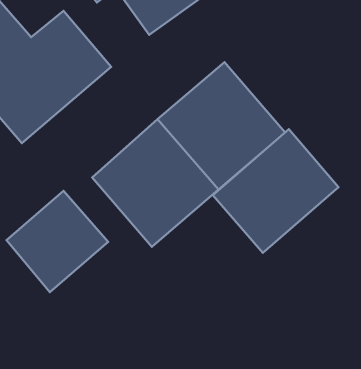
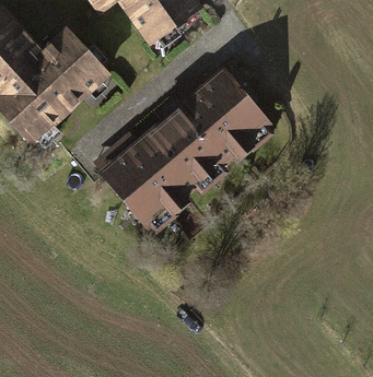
building: [213,129,339,253] -> none
building: [6,191,108,292] -> none

